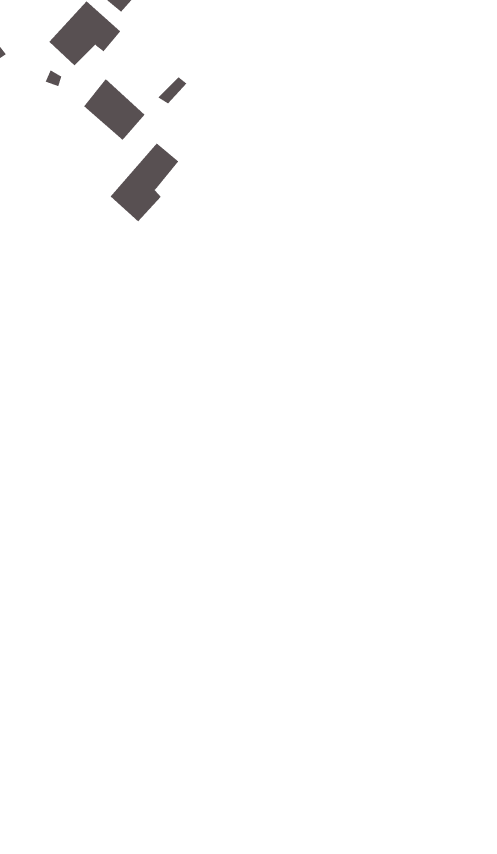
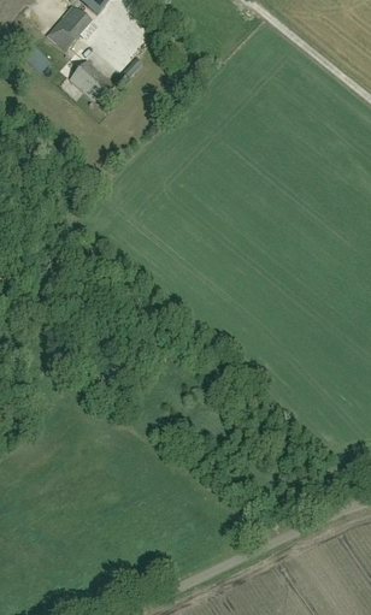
building: [110,142,179,222] -> none

